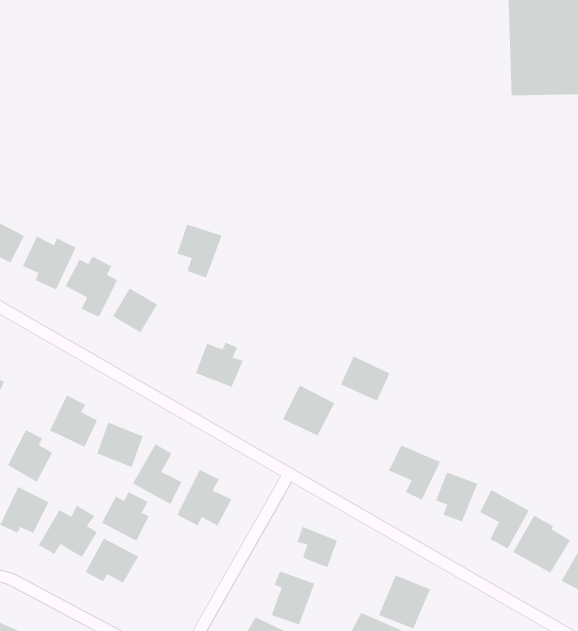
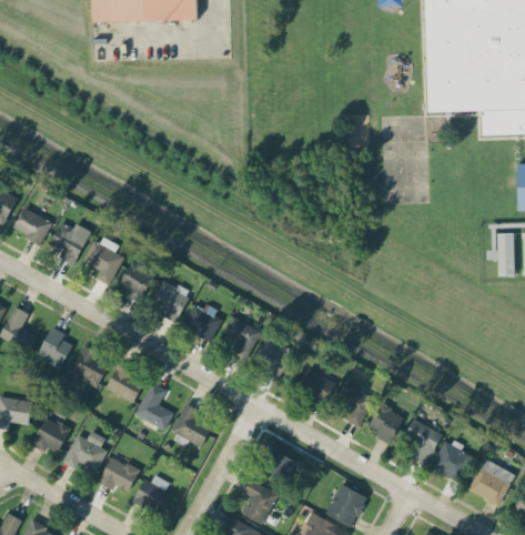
building: [177,224,222,278] -> [153,281,189,323]
building: [340,356,390,402] -> [296,369,335,404]
building: none -> [223,317,261,360]
building: [7,430,53,482] -> [37,327,72,369]
building: [101,491,150,541] -> [133,475,171,514]

